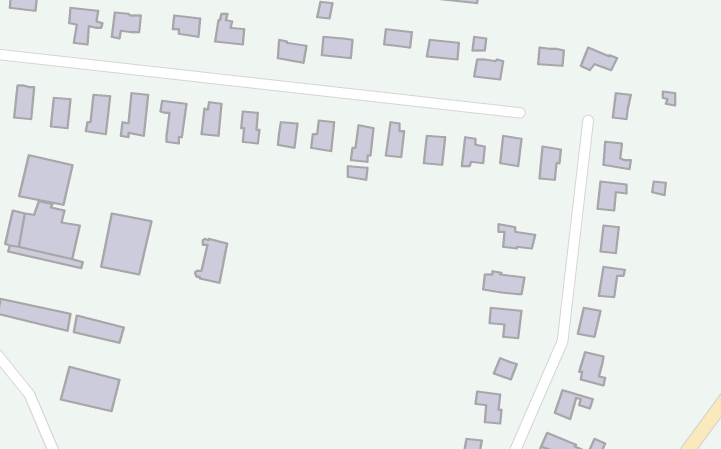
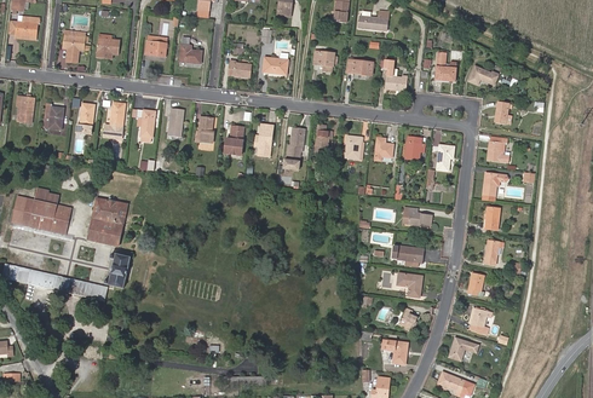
building: [19,155,72,205] -> none
building: [195,239,227,283] -> [104,253,129,288]
building: [61,367,120,411] -> none

